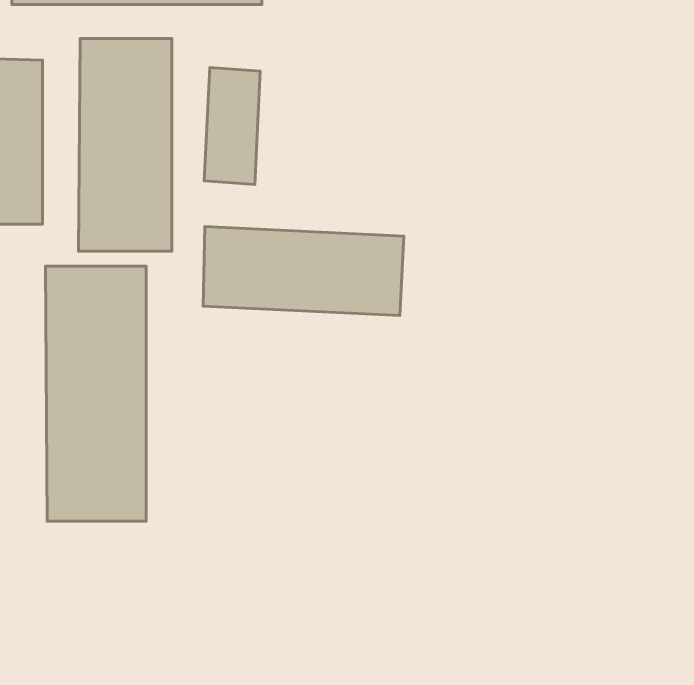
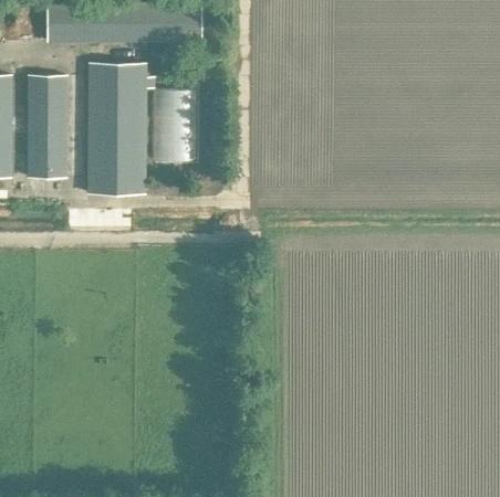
building: [203,227,404,316] -> none
building: [45,266,146,521] -> none

